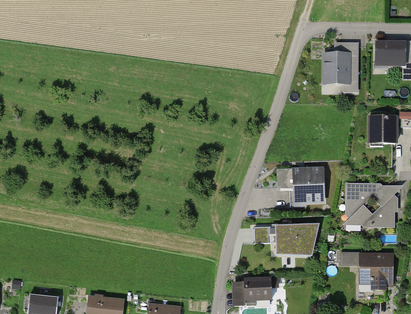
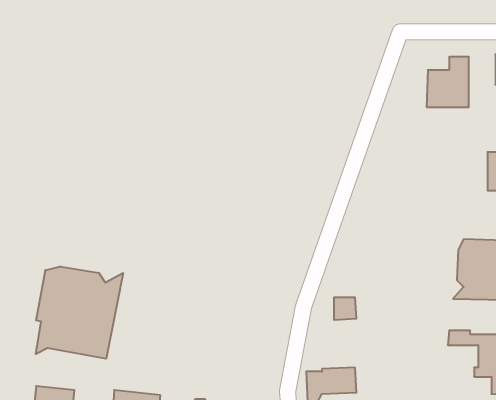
building: [278,169,324,201] -> none
building: none -> [36,266,123,359]
building: [275,224,318,251] -> none

